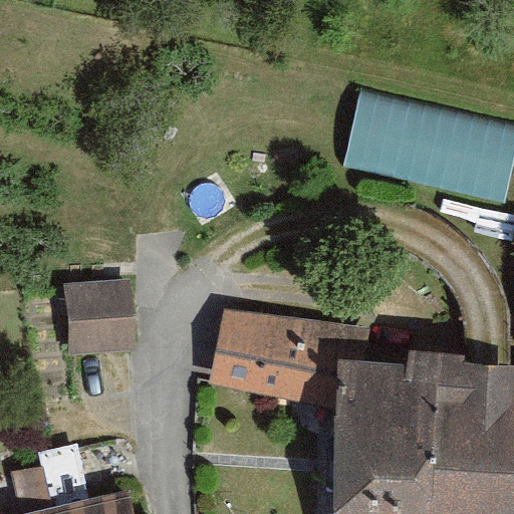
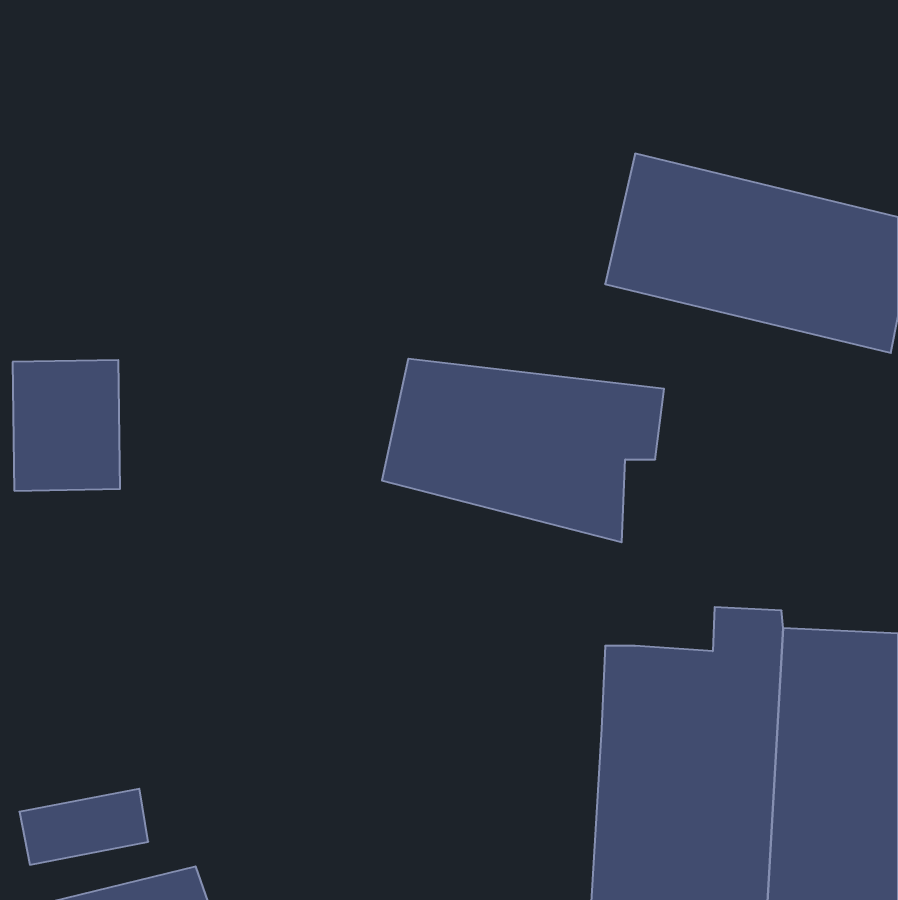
building: [73,285,135,359] -> [13,360,120,491]
building: [206,311,366,416] -> [382,359,664,542]

